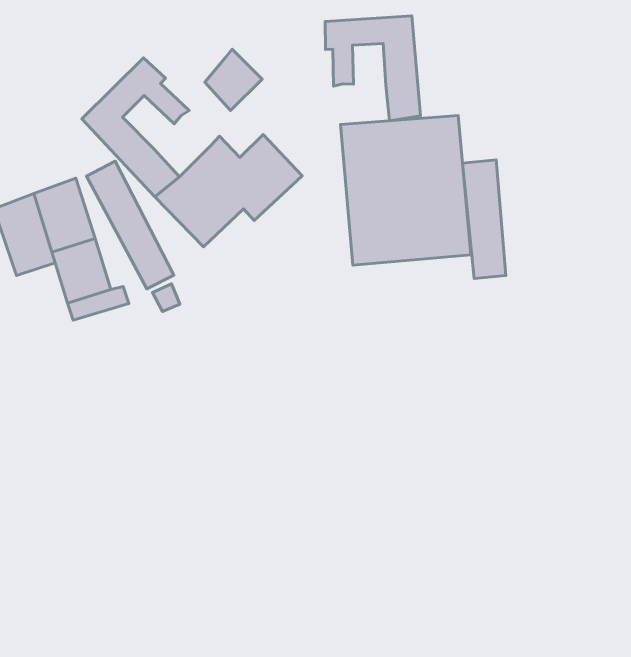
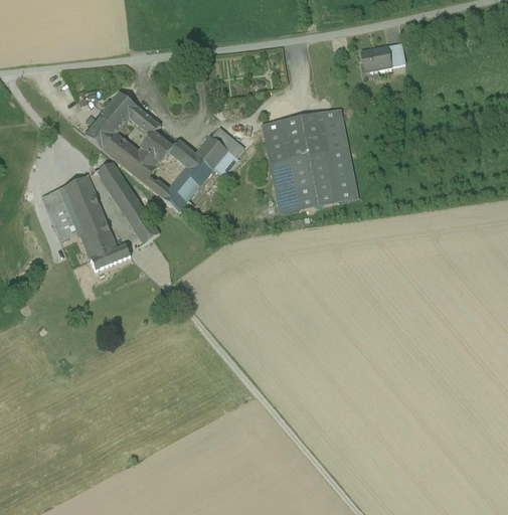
building: [325,16,421,121] -> none
building: none -> [361,46,391,69]
building: [205,49,262,110] -> [137,125,175,166]
building: [462,160,506,279] -> none

